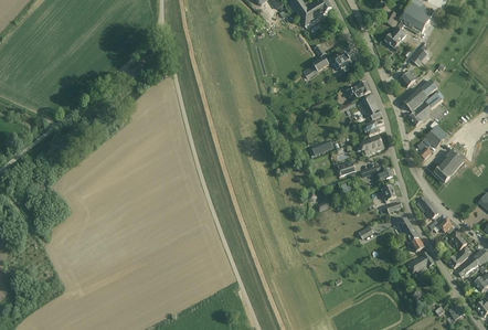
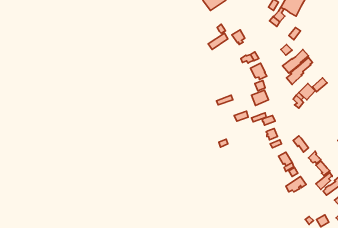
building: [433,147,465,181] -> none

